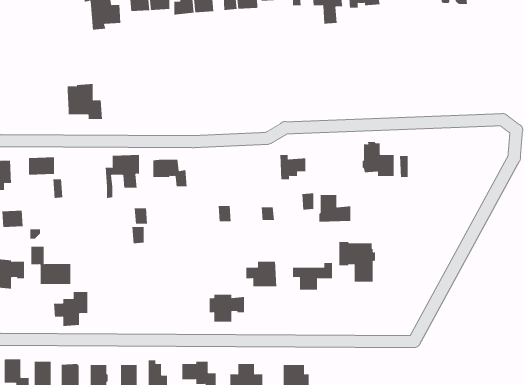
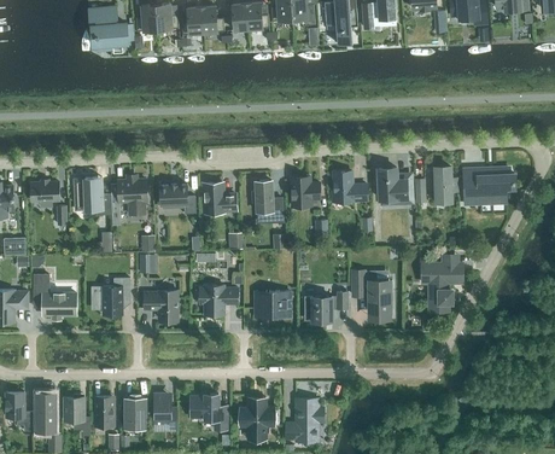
building: [67,84,103,120] -> [74,177,111,215]
building: none -> [433,168,457,202]
building: none -> [463,169,514,205]
building: none -> [251,181,282,222]
building: none -> [204,184,235,211]
building: [319,194,351,222] -> [332,173,366,202]
building: none -> [421,263,462,305]
building: none -> [142,291,176,319]
building: [53,292,88,326] -> [93,279,129,315]
building: [209,294,245,322] -> [199,285,236,314]

